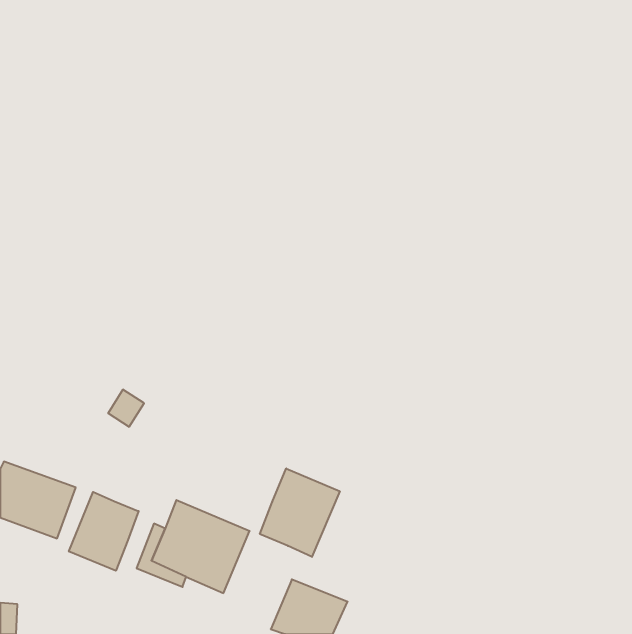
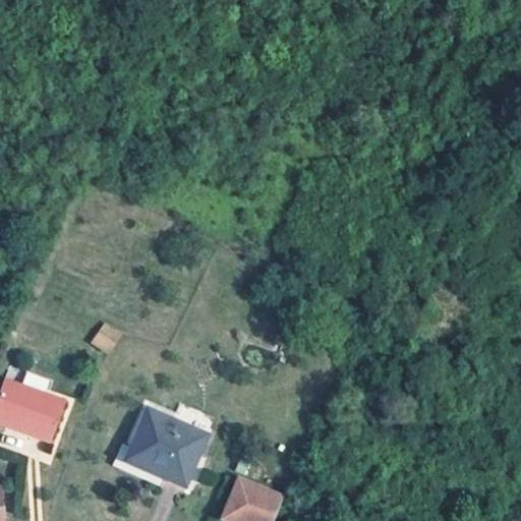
building: [260,468,340,557] -> none
building: [69,492,139,571] -> none

